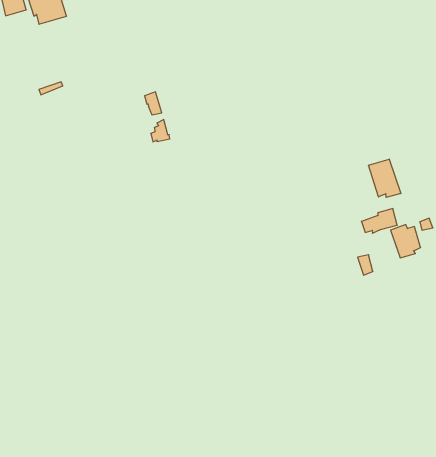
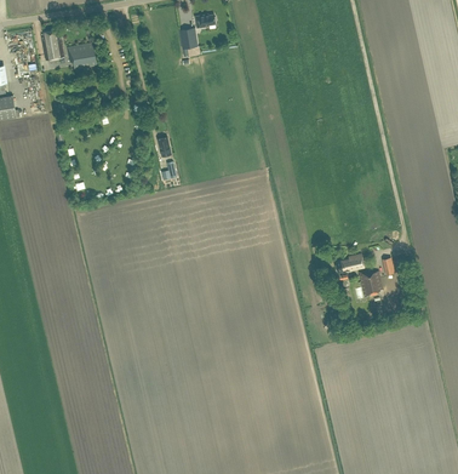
building: [369,159,401,197] -> none

